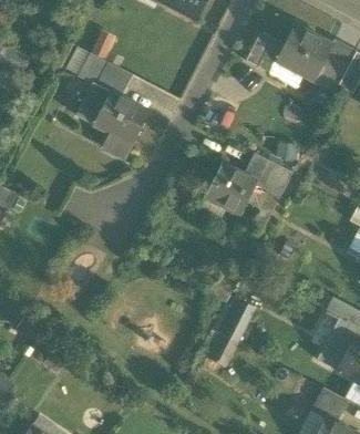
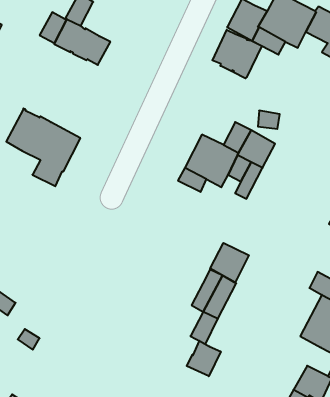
building: none -> [212,30,262,78]
building: [78,83,150,158] -> [6,108,80,186]
building: none -> [210,243,249,282]
building: none -> [187,341,221,376]

